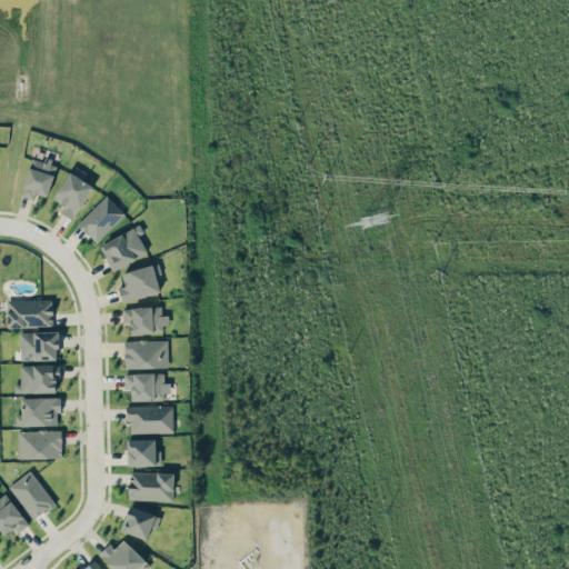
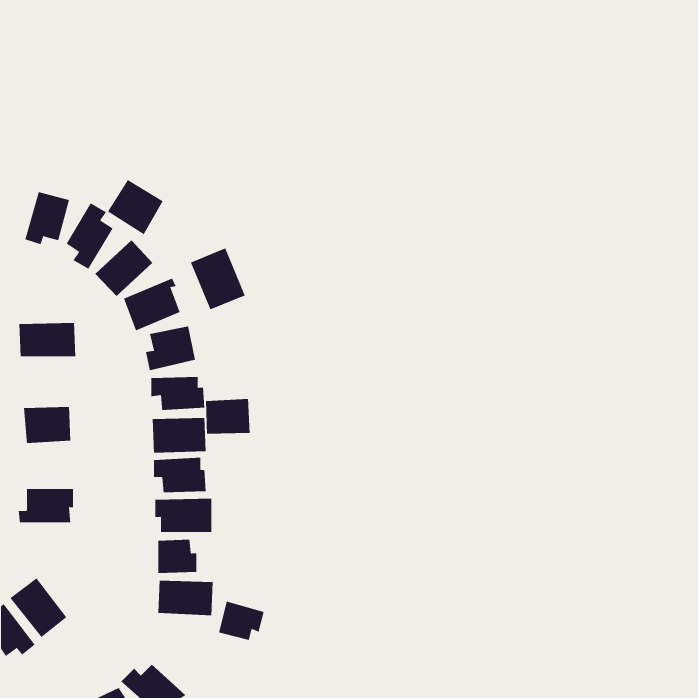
building: none -> [107,179,164,235]
building: none -> [190,248,246,310]
building: [8,299,54,327] -> [19,323,76,357]
building: none -> [206,398,250,435]
building: [14,365,59,393] -> none
building: [19,430,62,459] -> none
building: [123,507,161,539] -> [218,601,265,641]

